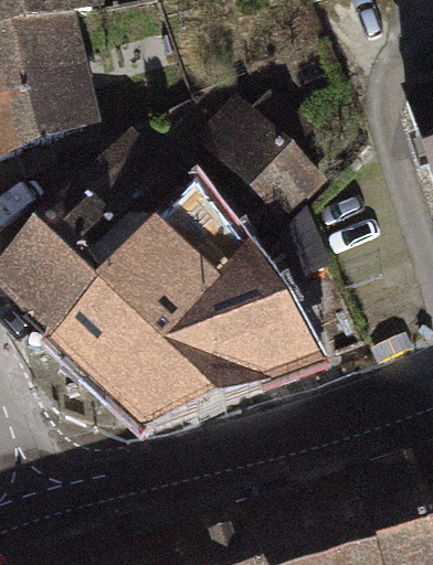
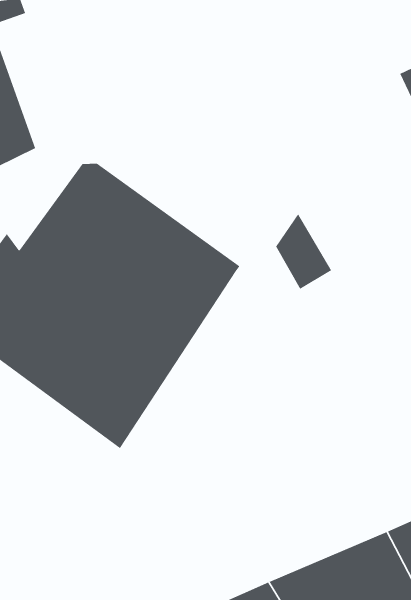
building: [220,121,308,224] -> none
building: [131,263,317,428] -> none

